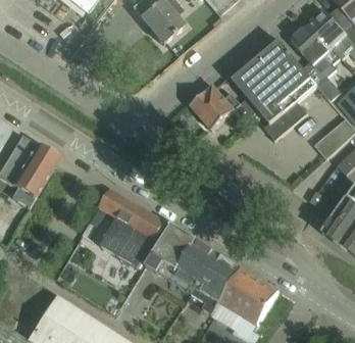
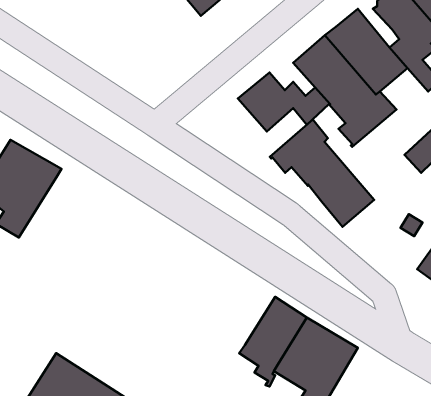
building: none -> [270,119,374,227]
building: [99,188,165,266] -> none
building: [146,224,217,288] -> none

